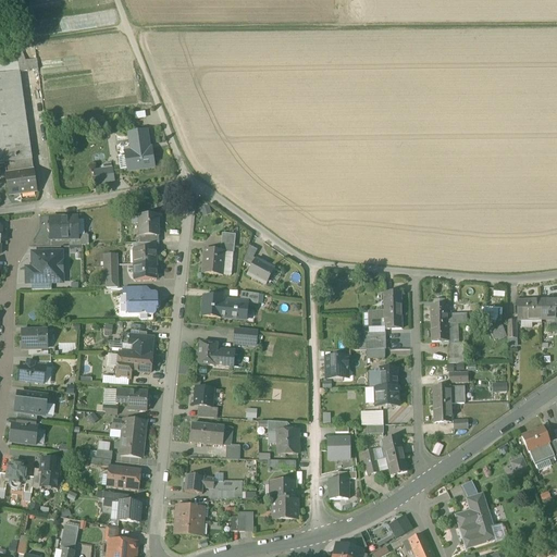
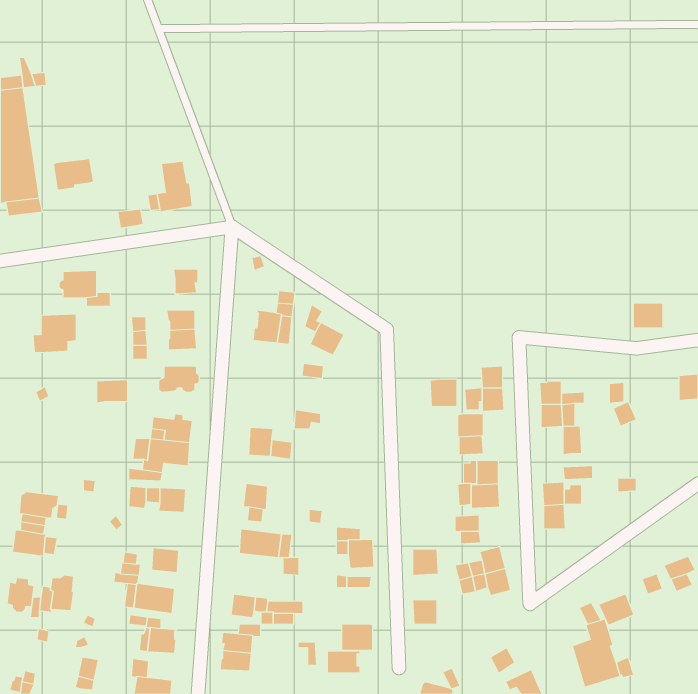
building: [4,169,37,194] -> [53,159,94,190]
building: [202,295,247,318] -> none
building: [517,299,541,319] -> [633,303,663,328]
building: [22,329,47,347] -> [96,380,128,403]
building: [325,355,347,376] -> [430,379,457,406]
building: [20,360,46,382] -> none
building: [113,418,145,438] -> none
building: [521,425,549,450] -> [598,594,634,625]
building: [270,480,296,497] -> [327,651,360,673]

